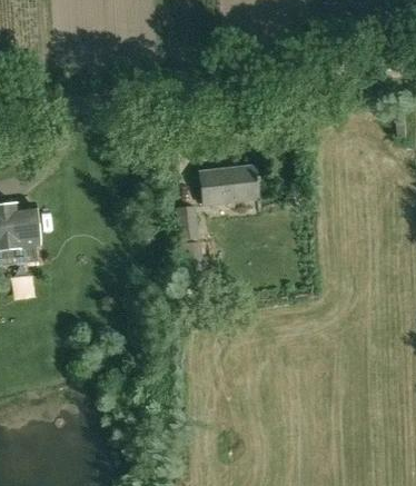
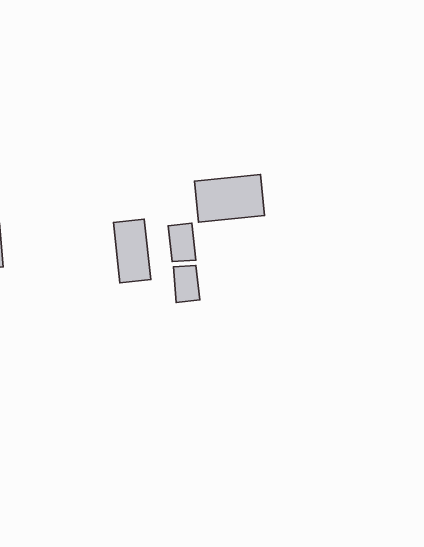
building: none -> [113,219,151,283]

